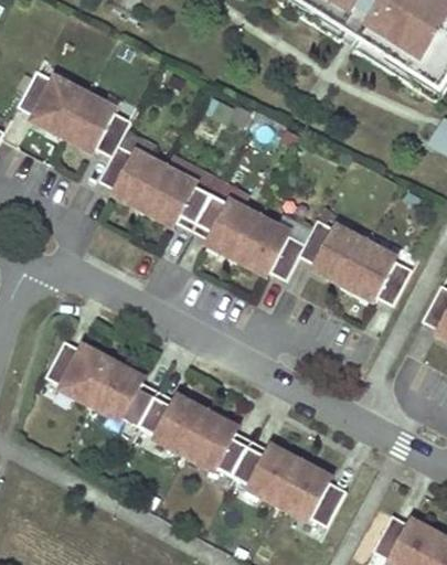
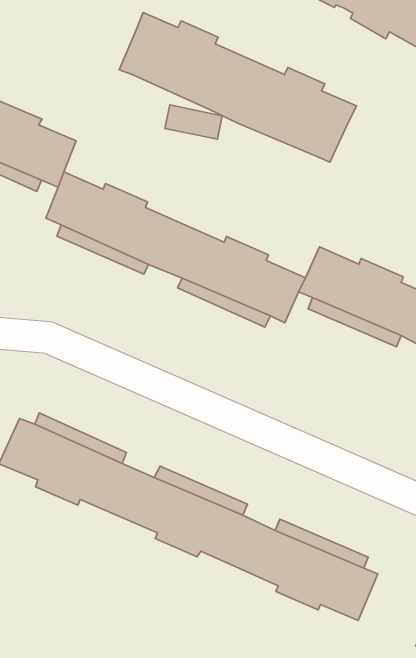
building: none -> [119,12,356,162]

